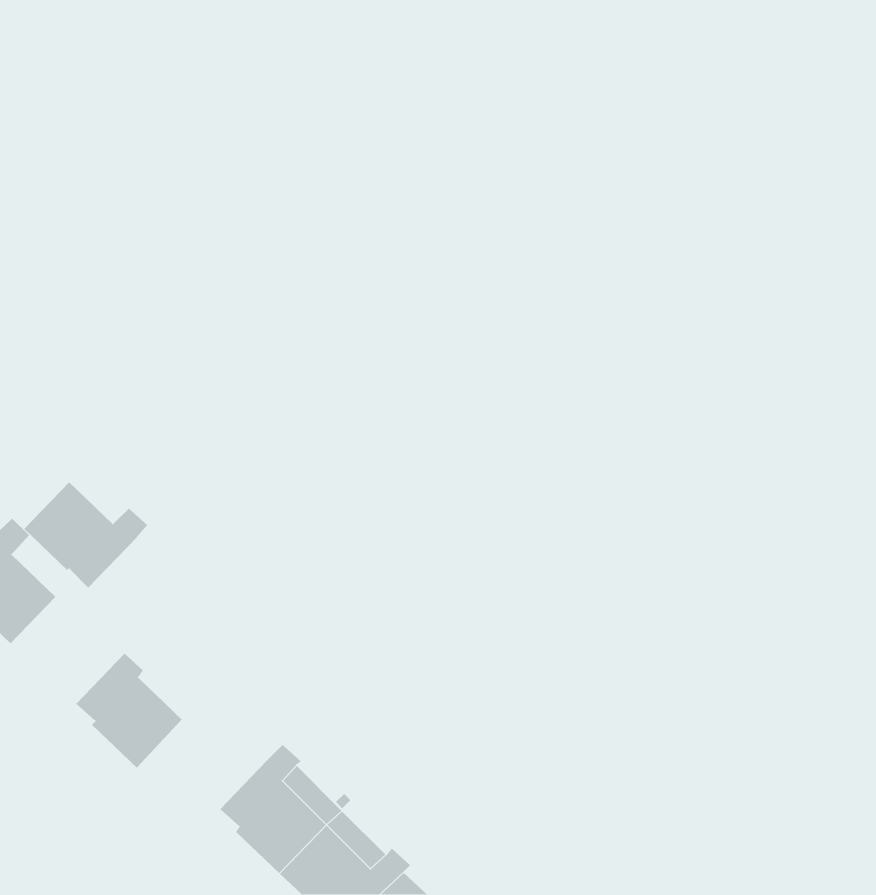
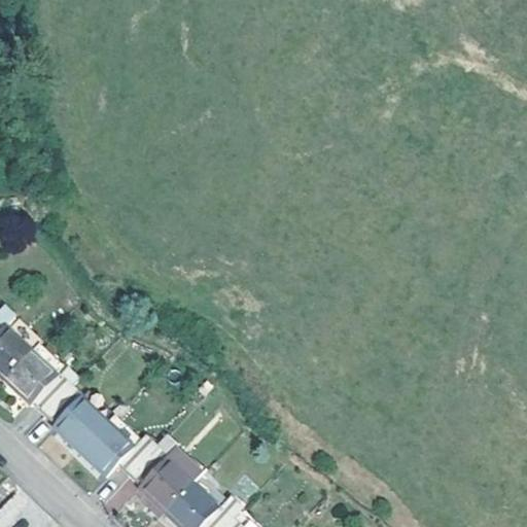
building: [23,481,148,588] -> [6,350,79,413]
building: none -> [80,422,156,475]

